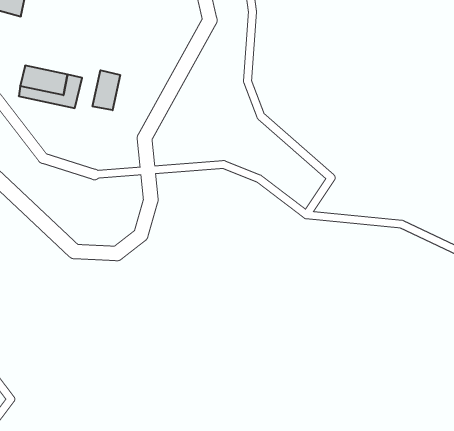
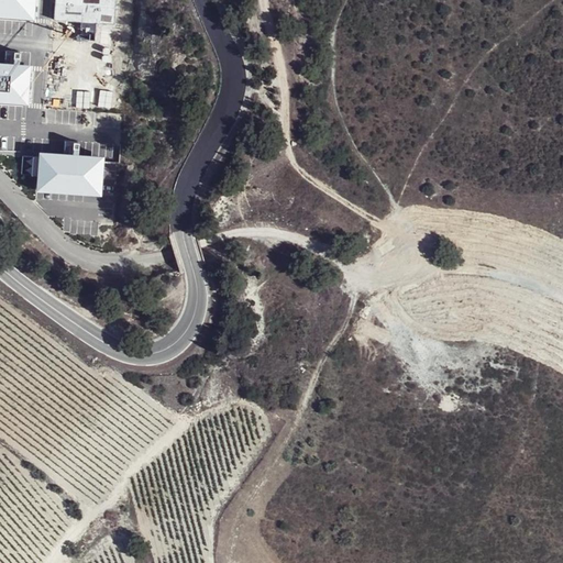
building: [93,70,120,110] -> none

